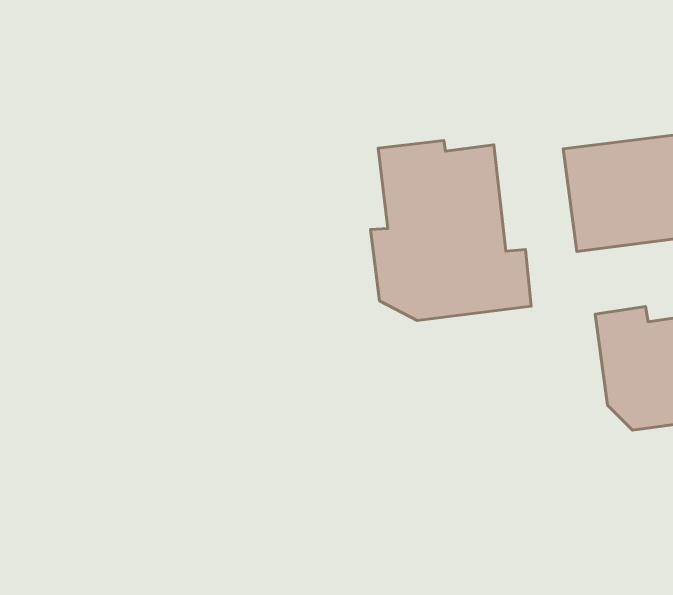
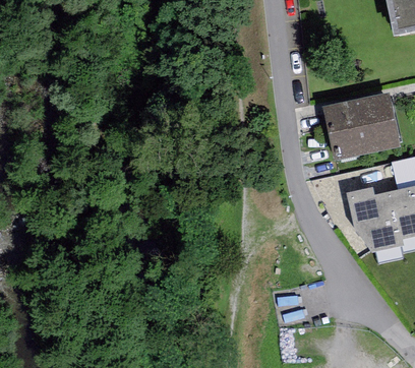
building: [370,140,531,320] -> none

